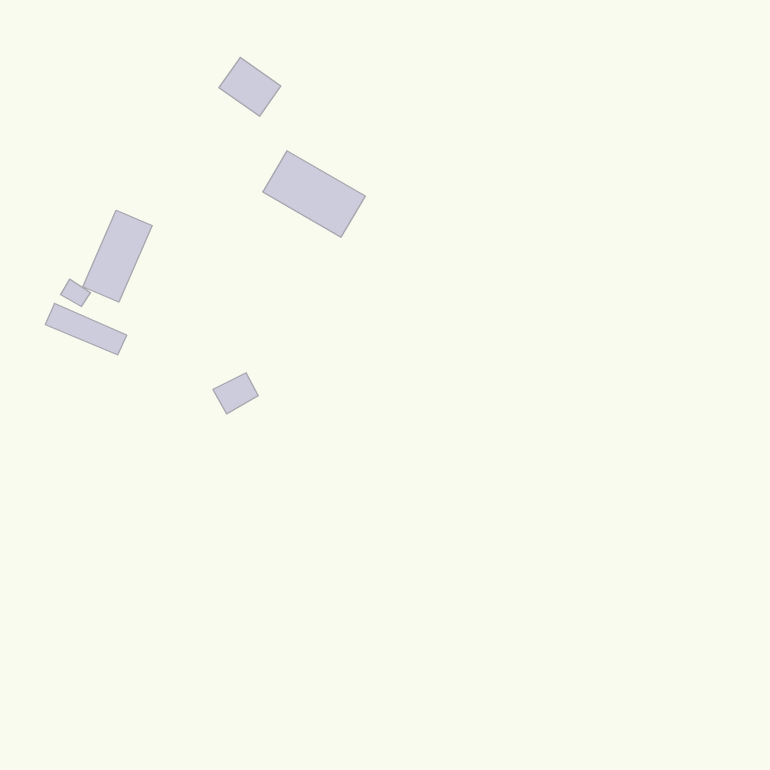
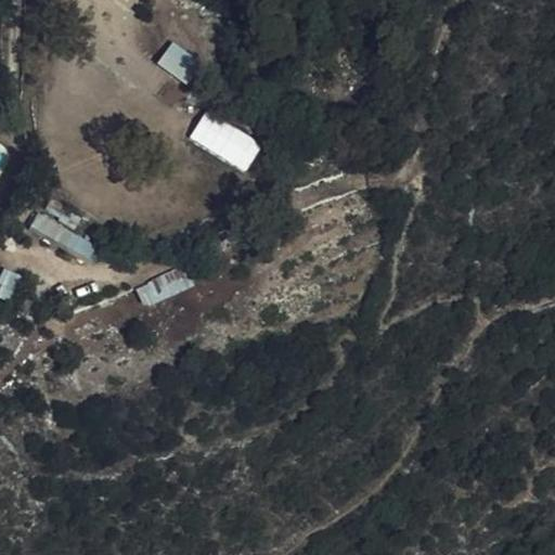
building: [83,210,152,302] -> none

